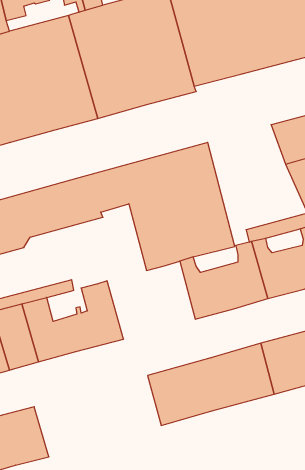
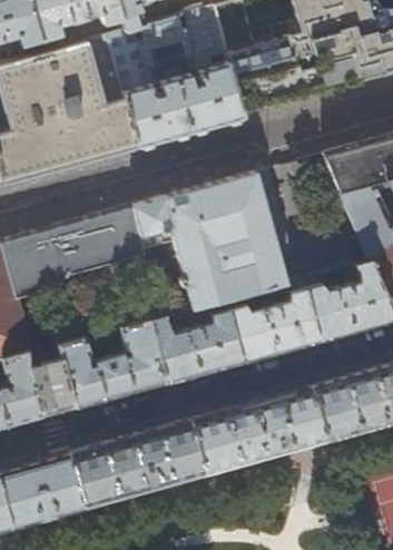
building: none -> [148,301,243,384]
building: none -> [70,423,206,510]

